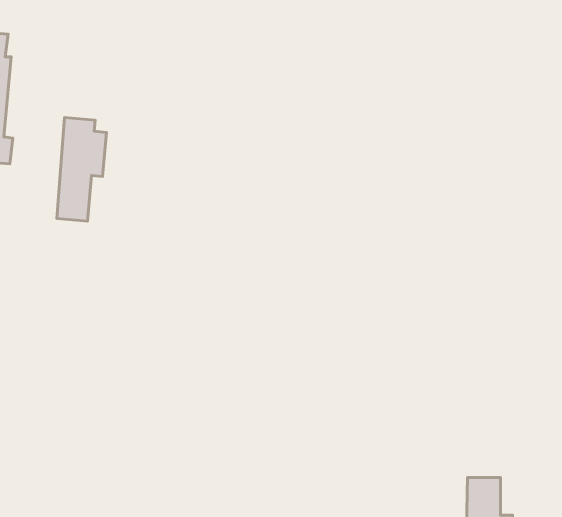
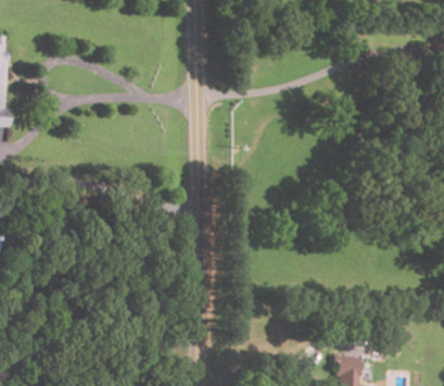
building: [57,118,107,221] -> none

